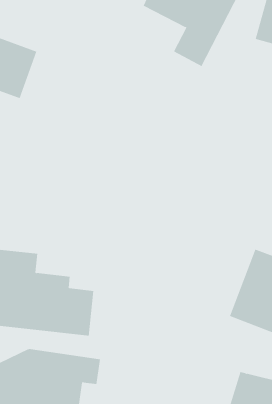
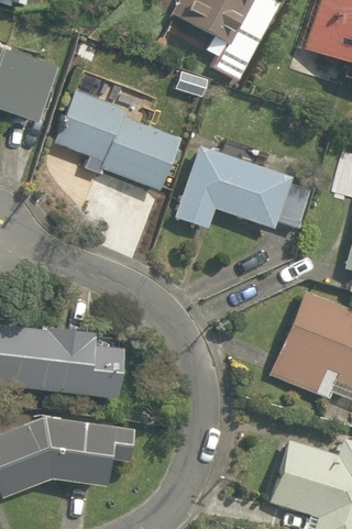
building: none -> [52,84,182,191]
building: none -> [175,142,311,232]

